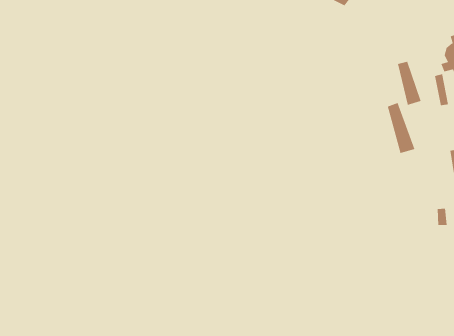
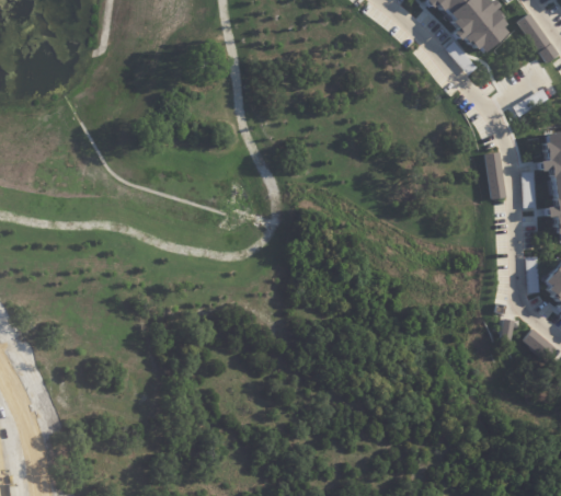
building: [387,102,415,154] -> none

